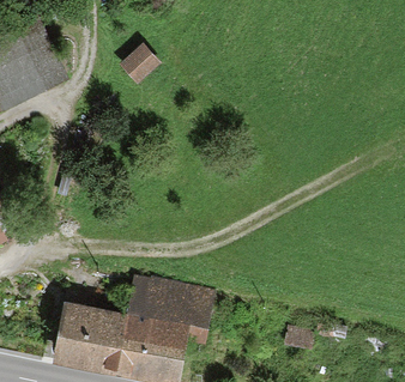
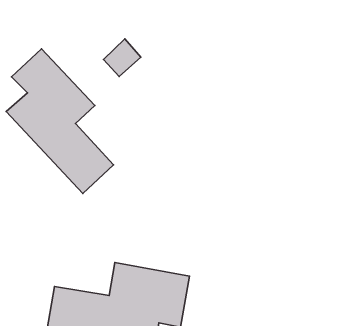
building: none -> [6,49,113,193]

